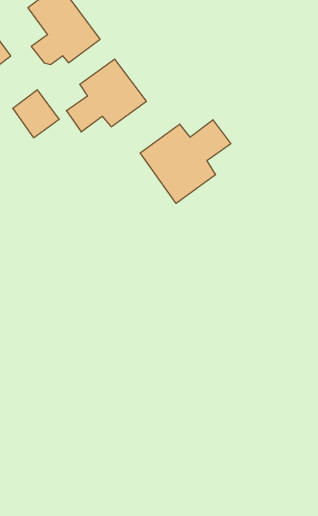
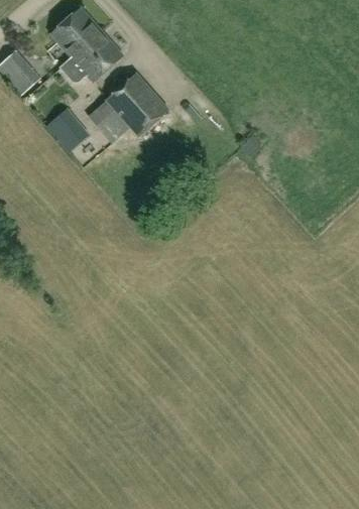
building: [140,120,231,203] -> none

